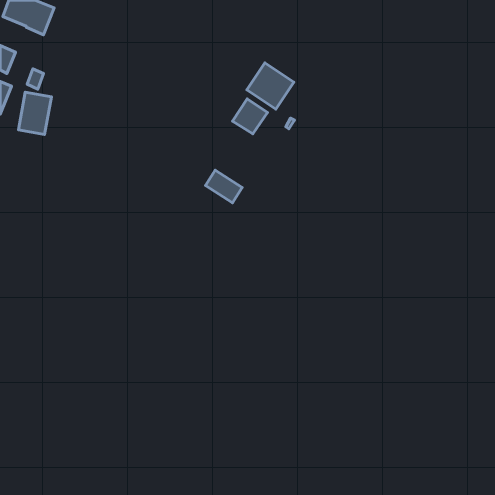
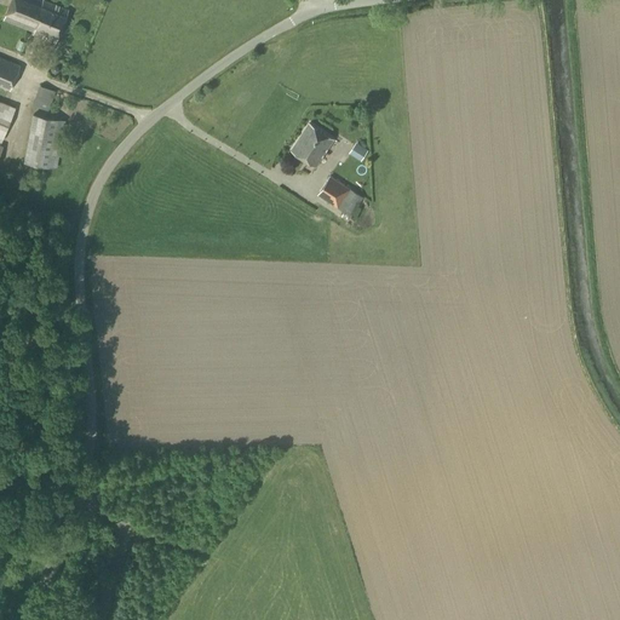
building: [247,63,294,109] -> none
building: [205,170,242,203] -> [317,176,363,217]

